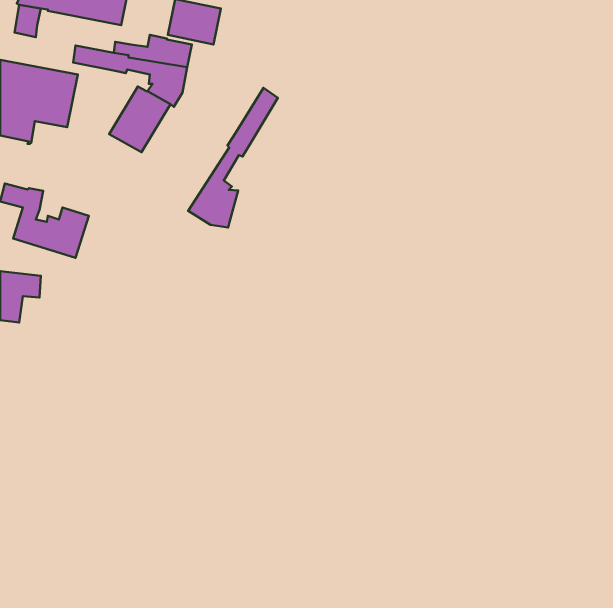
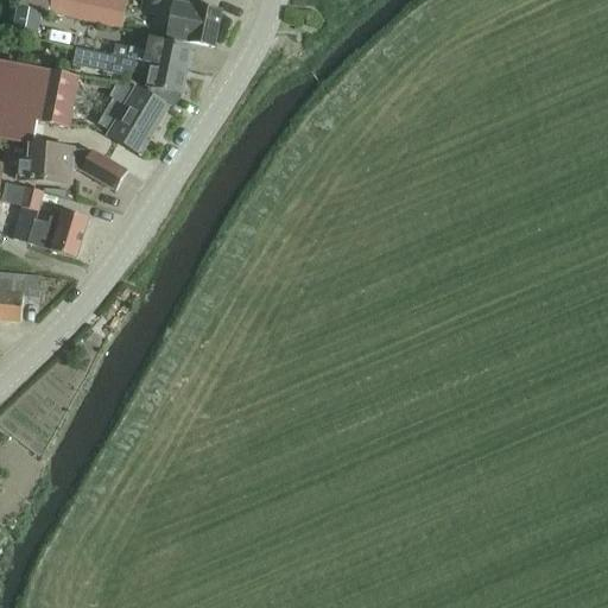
building: [188,88,278,228] -> none
building: none -> [15,141,127,188]

